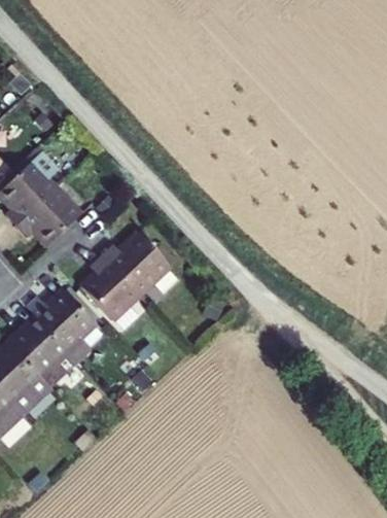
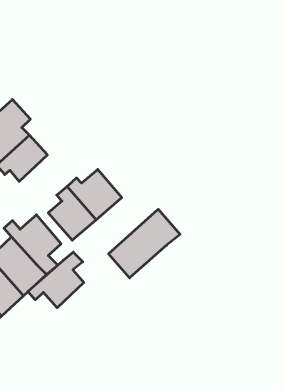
building: none -> [109,209,180,278]
building: none -> [28,252,84,308]

